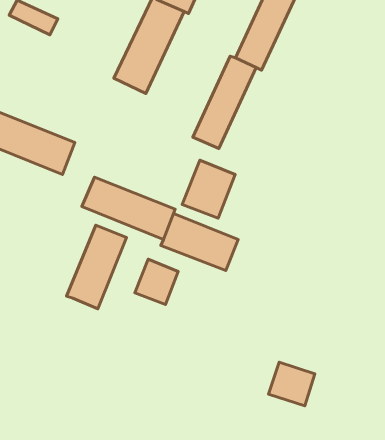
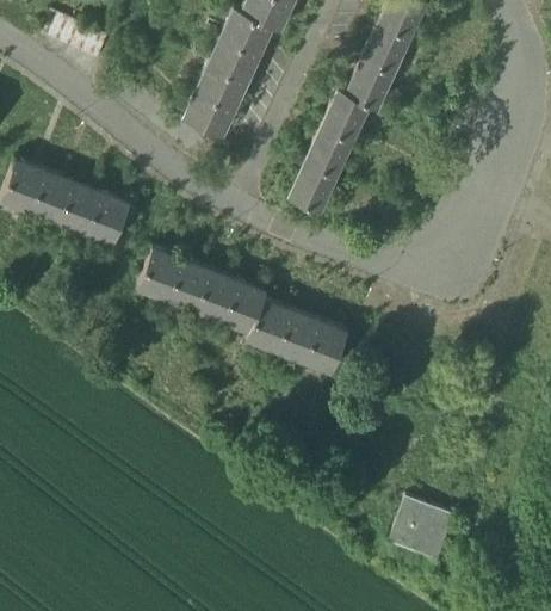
building: [182,160,235,218] -> none
building: [66,225,127,309] -> none
building: [135,259,178,305] -> none

